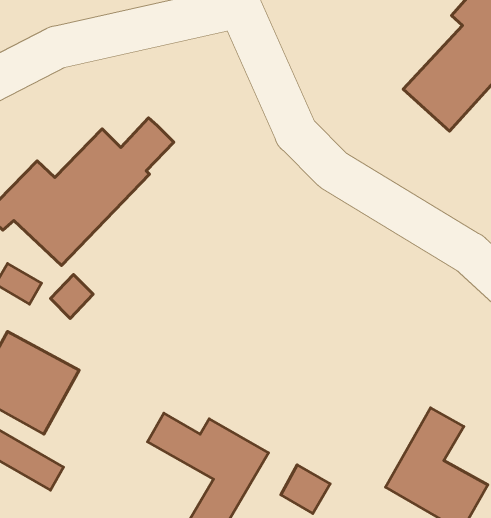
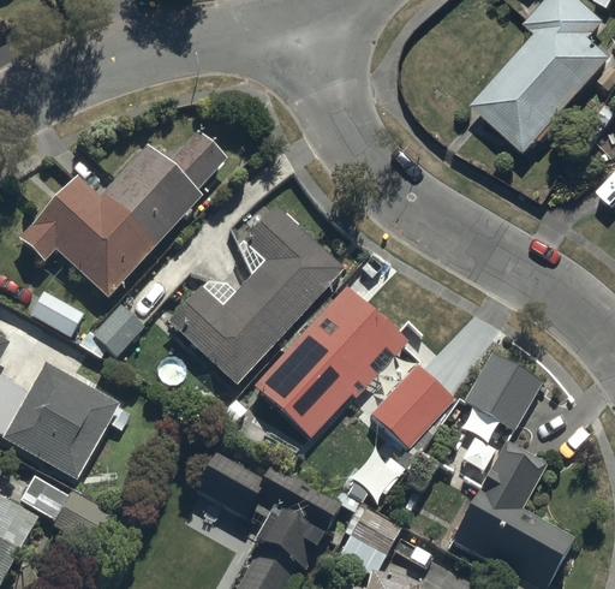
building: none -> [167,206,344,386]
building: none -> [256,291,454,447]
building: none -> [467,355,535,423]

